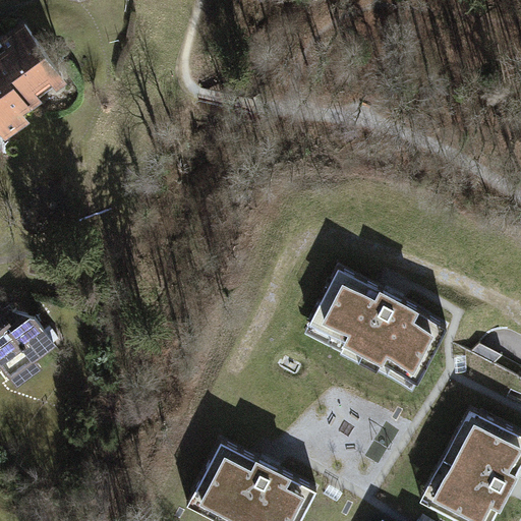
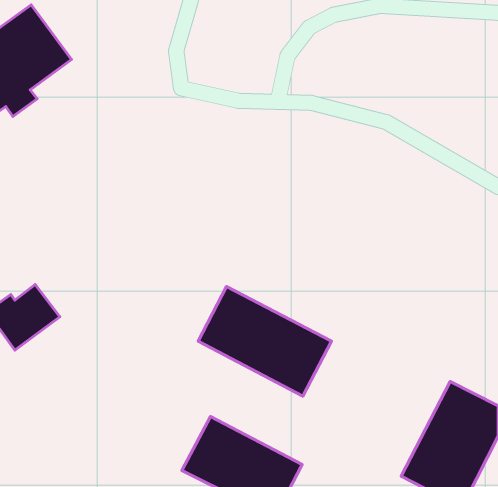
building: [306,271,445,385] -> [198,287,331,396]

